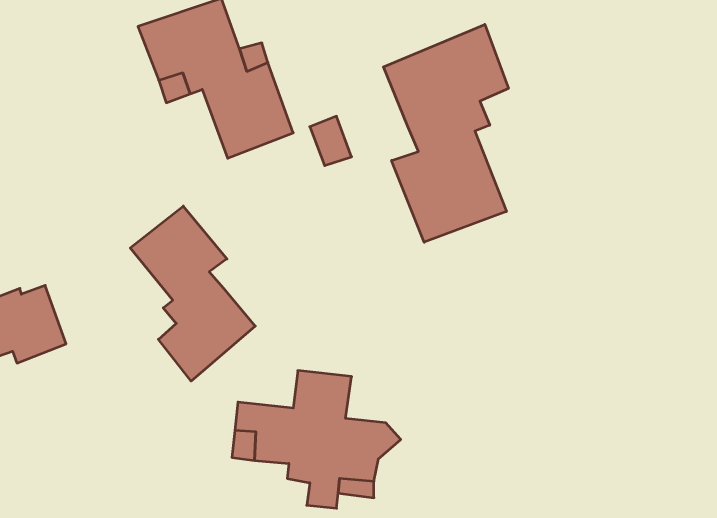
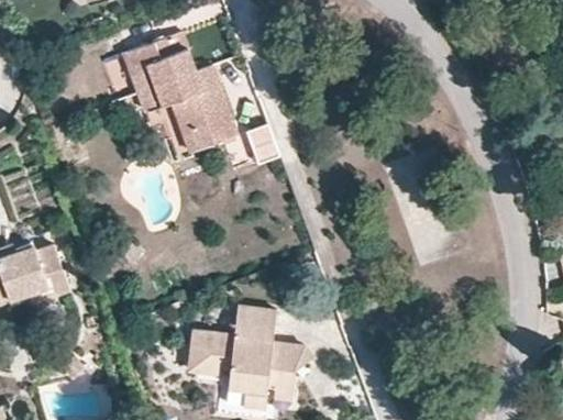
building: [383,24,508,242] -> none
building: [130,206,255,381] -> none

